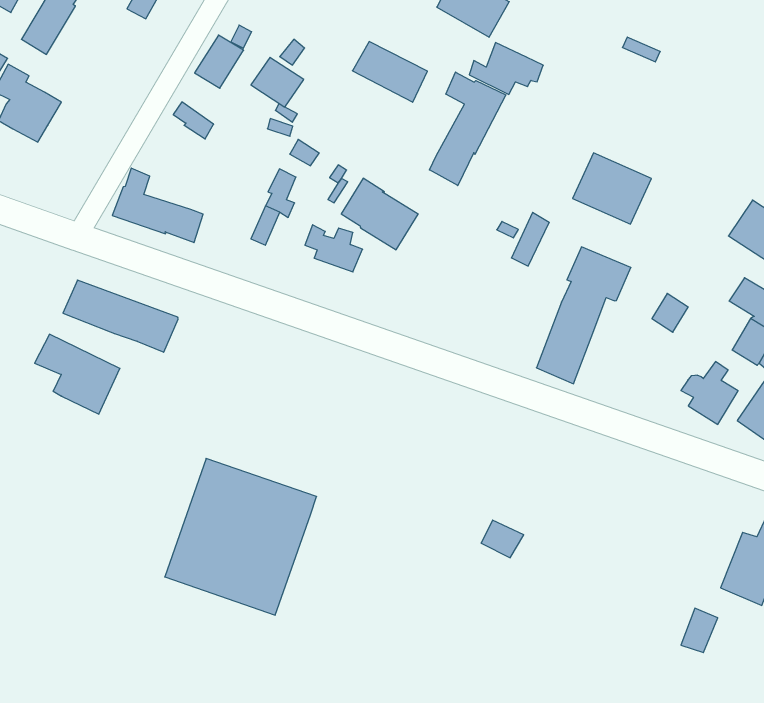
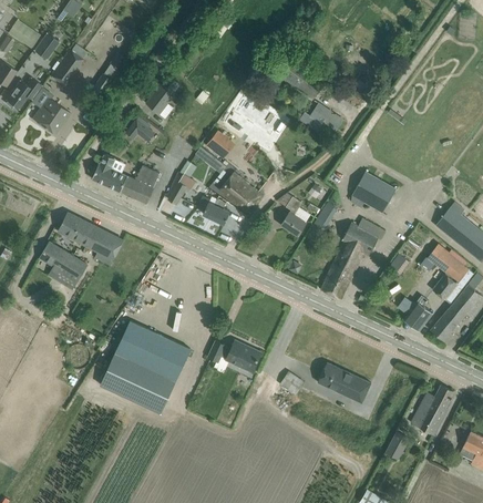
building: [251,57,304,107] -> [206,131,236,160]
building: [429,72,506,186] -> none
building: none -> [136,166,161,204]
building: none -> [281,197,307,236]
building: none -> [209,341,261,371]
building: none -> [318,362,371,403]

